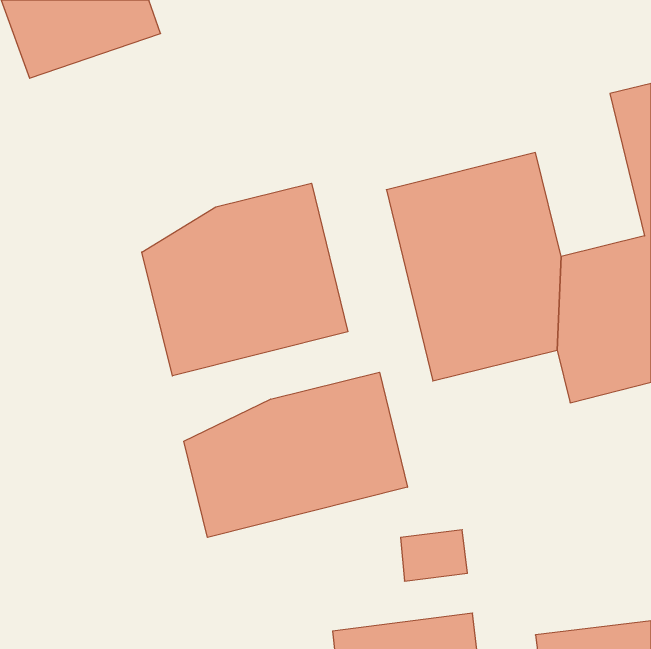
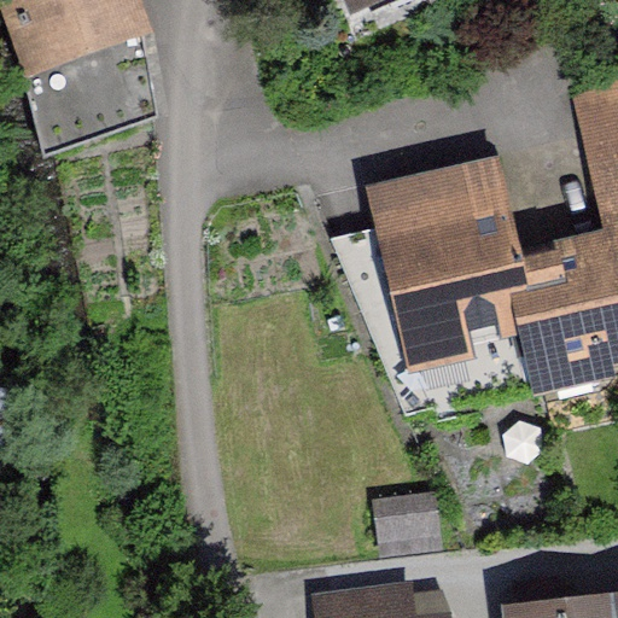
building: [142,183,348,376] -> none
building: [184,372,407,537] -> none

